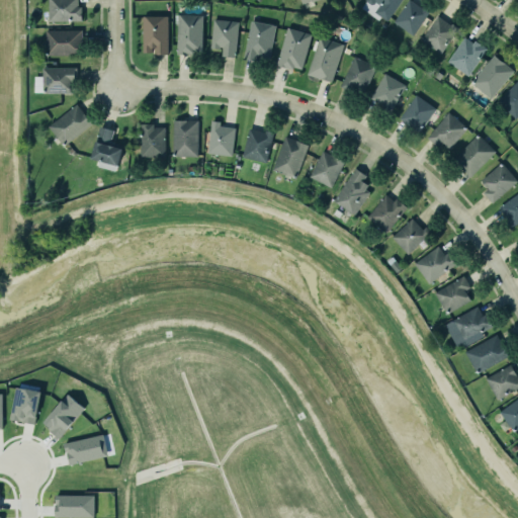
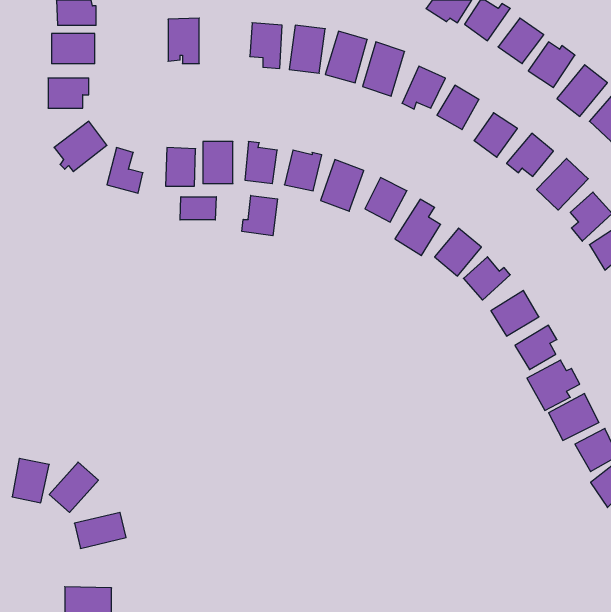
building: [177,15,202,53] -> none
building: none -> [242,195,278,236]
building: none -> [180,197,216,220]

